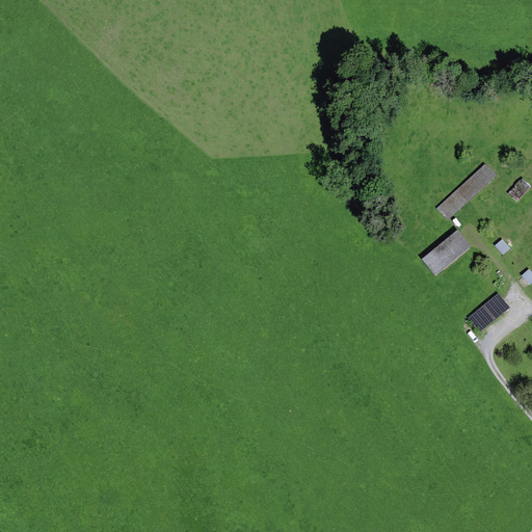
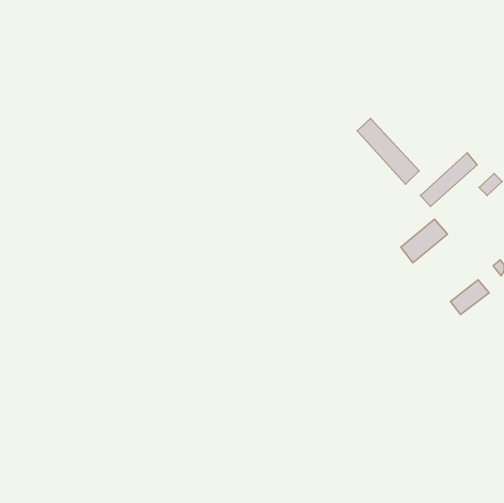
building: none -> [357,119,419,184]

